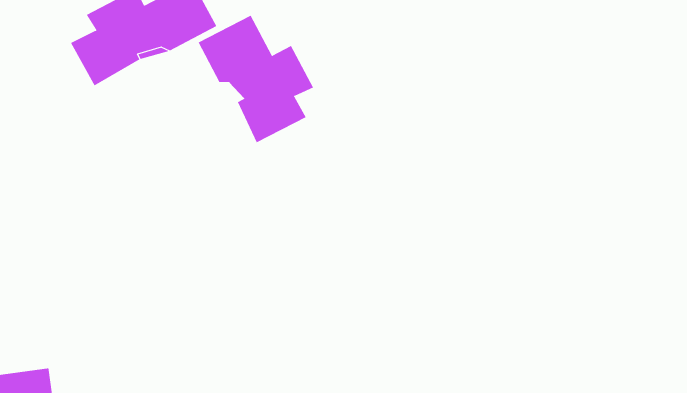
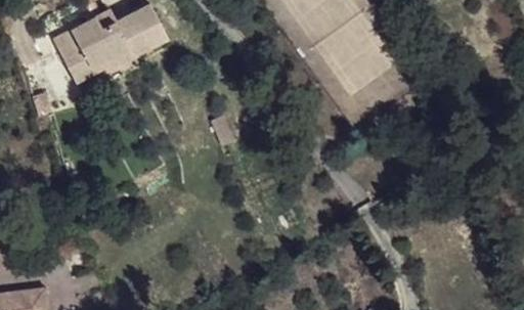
building: [198,15,314,143] -> none

